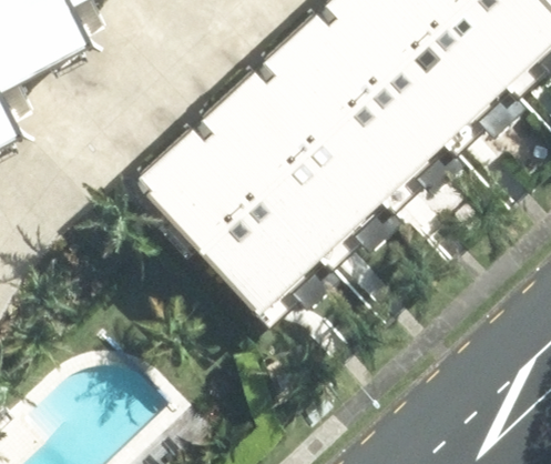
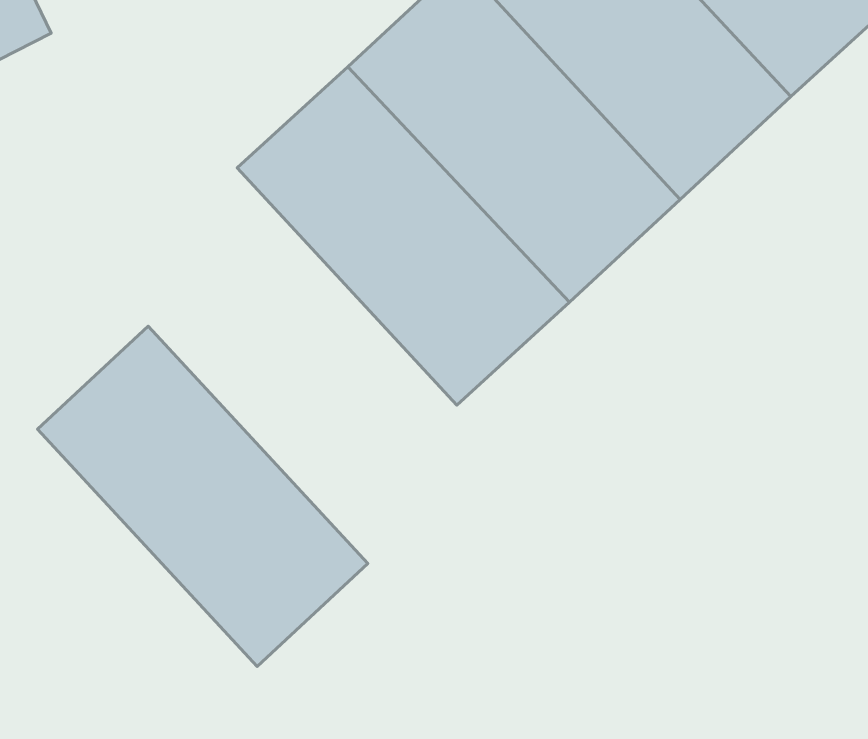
building: [122,131,307,322] -> [38,326,368,666]

